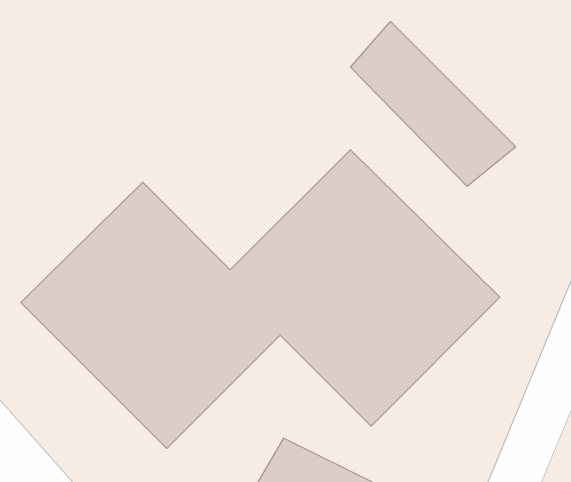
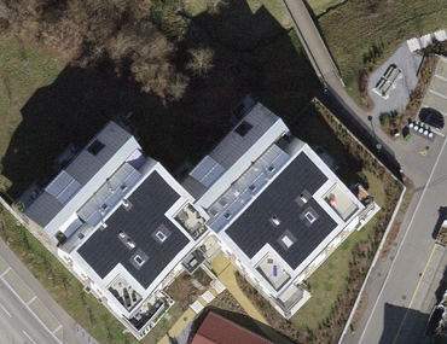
building: [350,22,516,186] -> none

